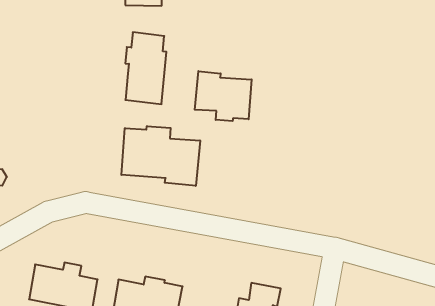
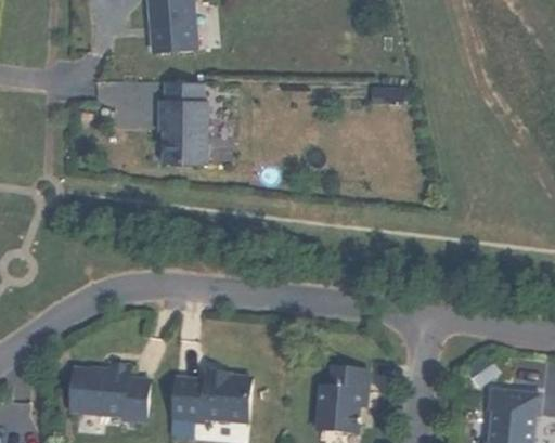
building: [195,71,252,121] -> none
building: [121,126,200,186] -> none

